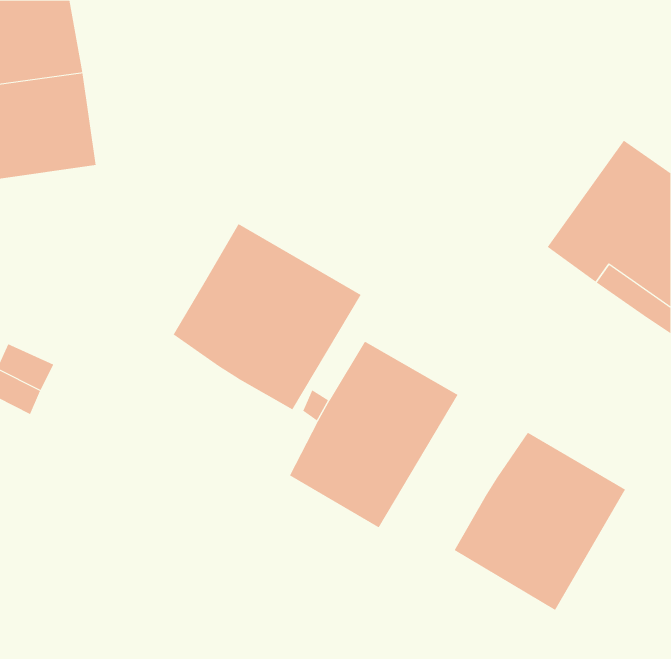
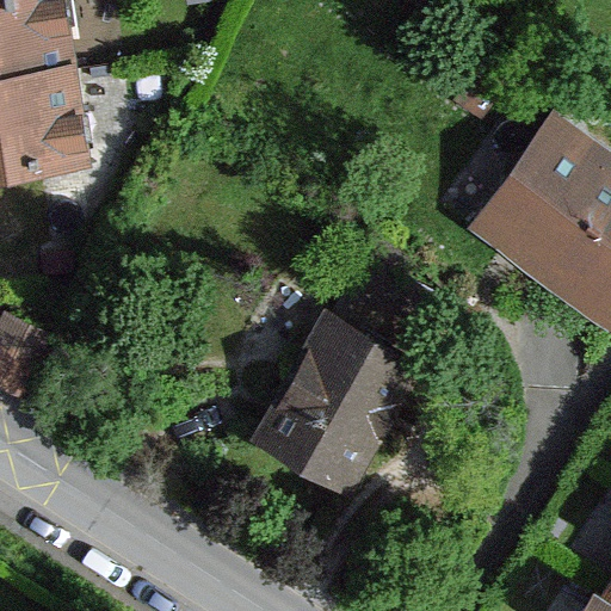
building: [173,223,362,410] -> none
building: [454,432,626,611] -> none

